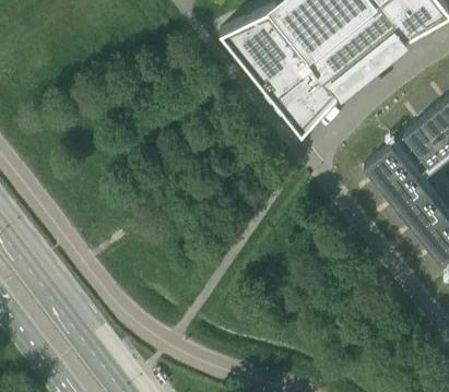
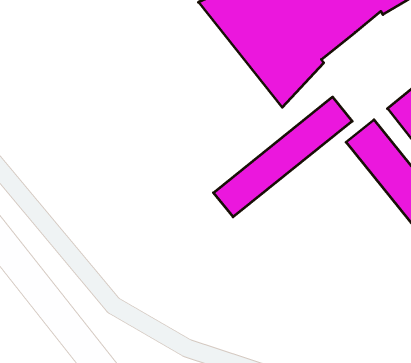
building: none -> [213,97,352,217]

